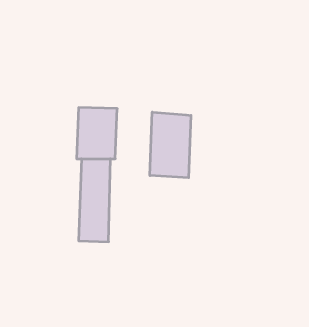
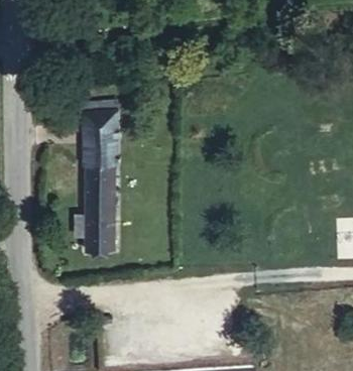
building: [150,112,191,178] -> none

